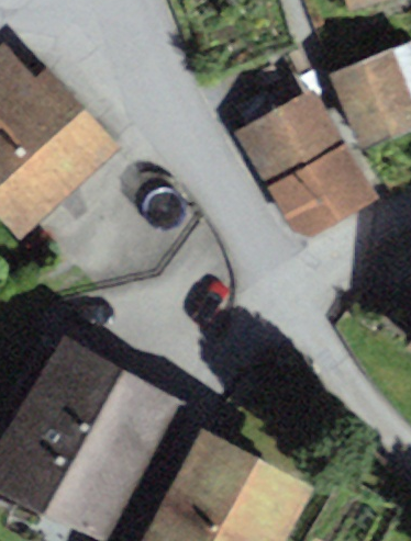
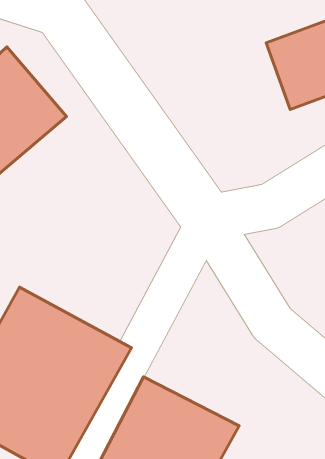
building: [240,92,373,238] -> none

